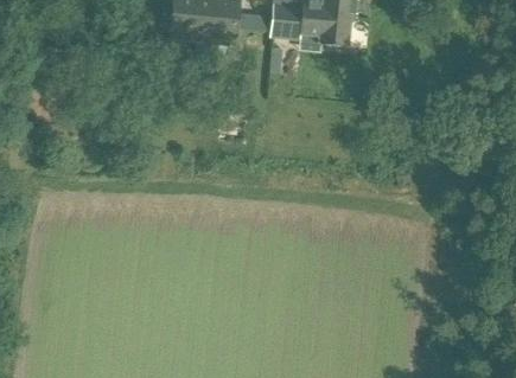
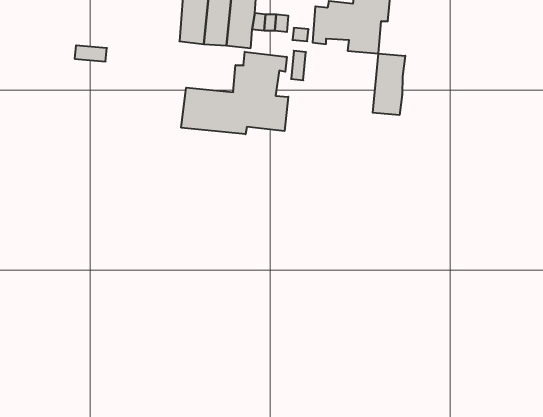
building: none -> [181,52,288,134]
building: none -> [373,53,405,115]

